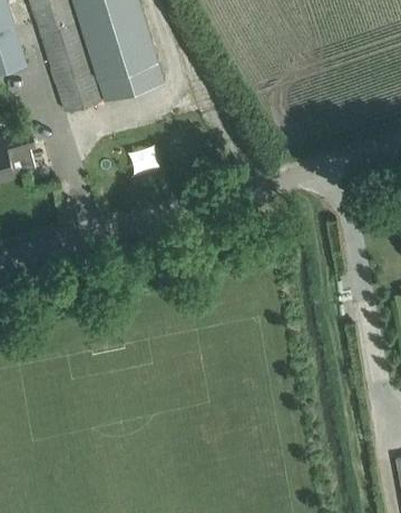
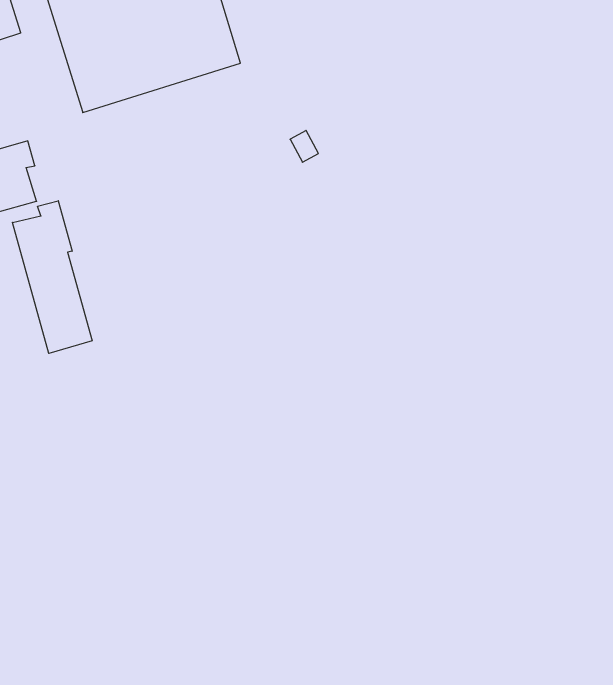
building: none -> [12,201,92,353]

